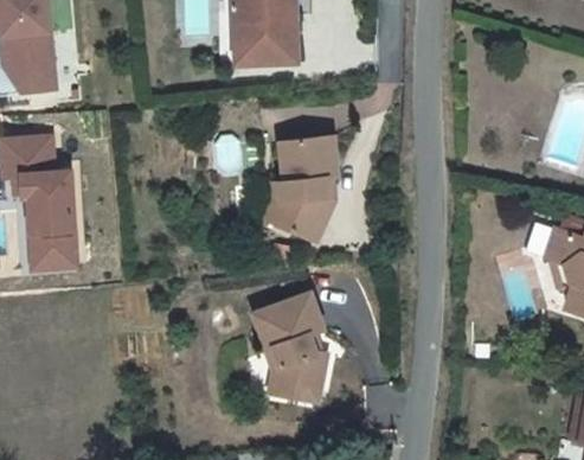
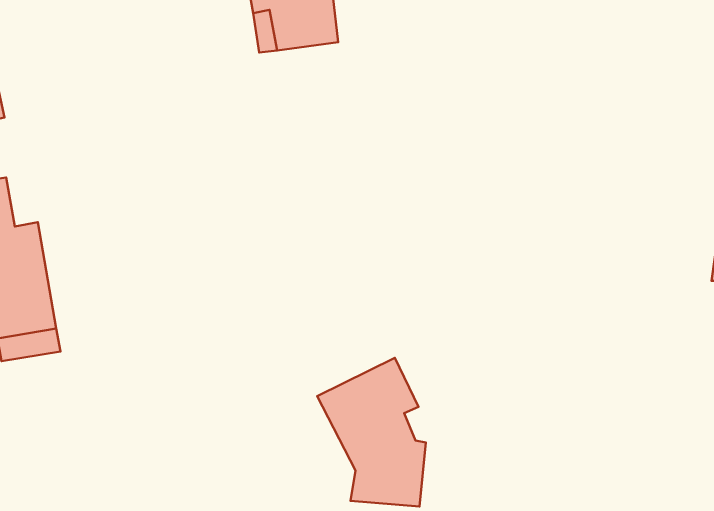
building: [263,133,335,237] -> none

